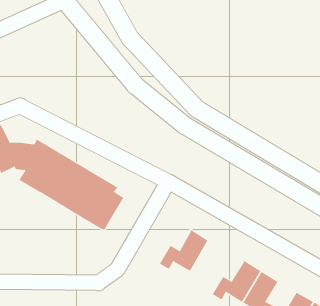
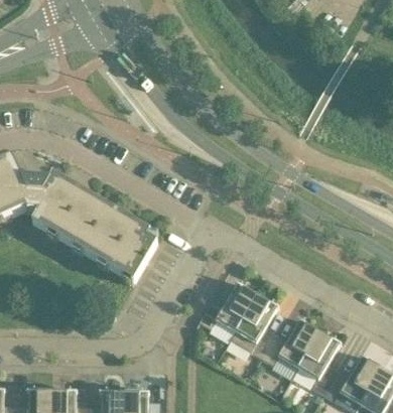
building: none -> [228,293,277,364]

